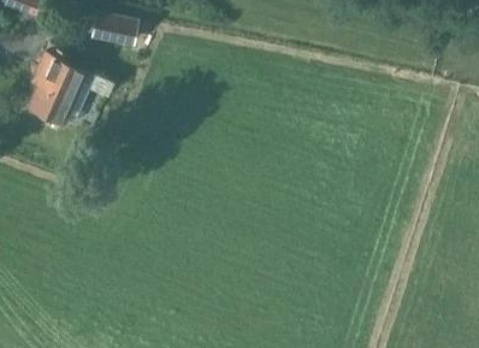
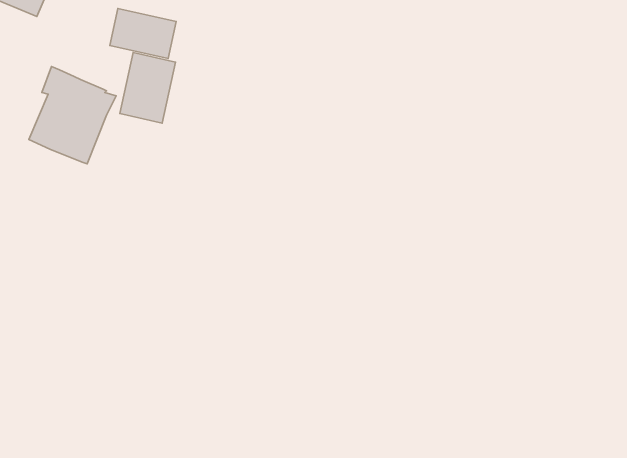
building: none -> [120,52,176,123]

